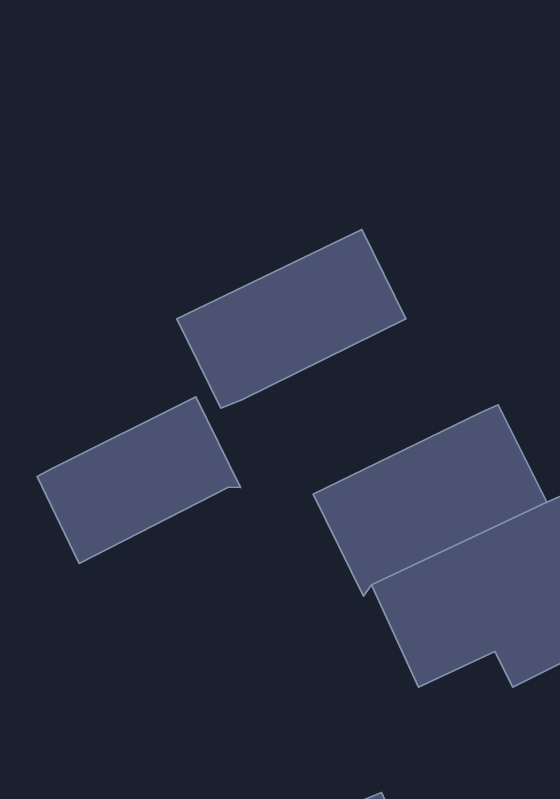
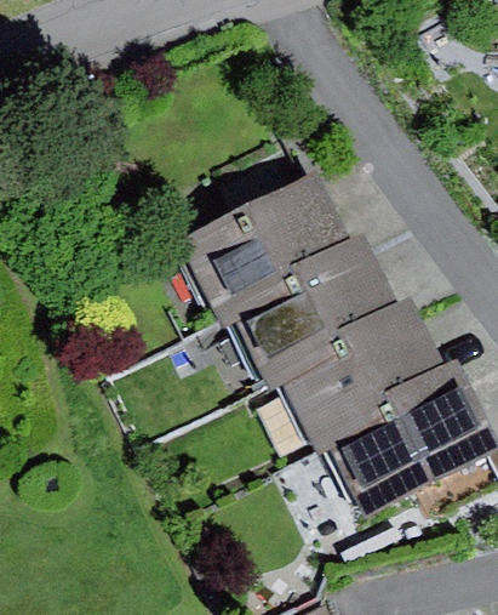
building: none -> [223,230,401,377]
building: [37,397,240,563] -> none

